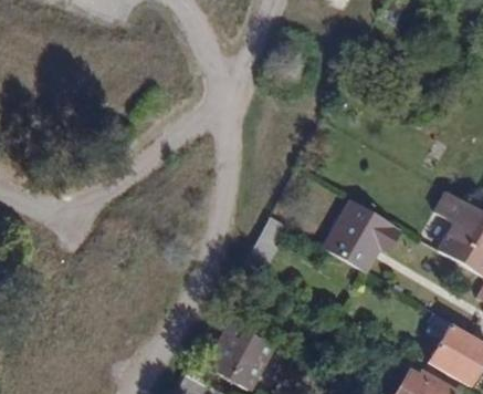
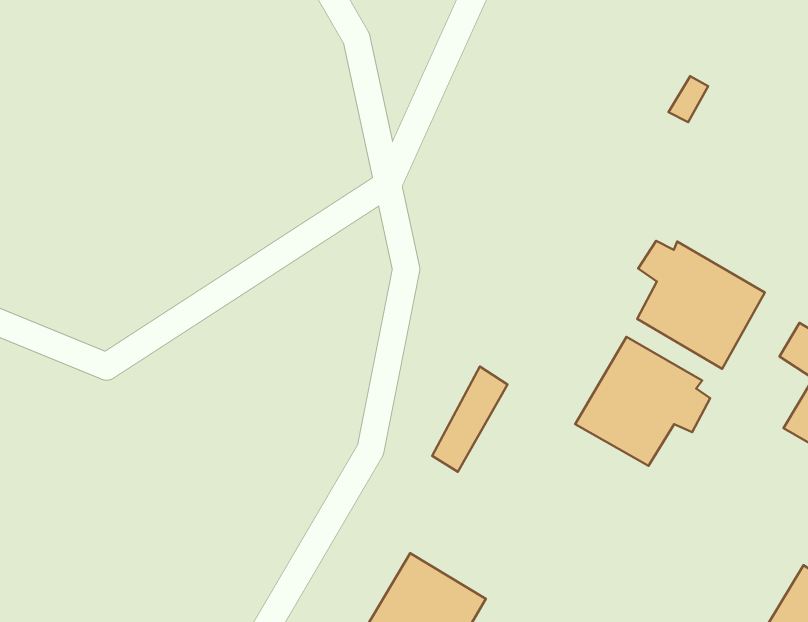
building: none -> [637,241,765,369]

